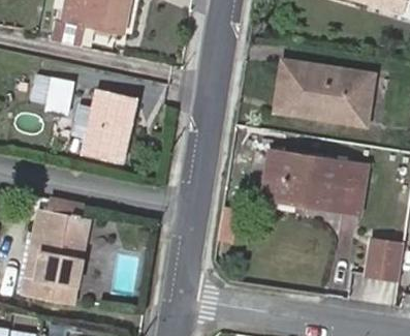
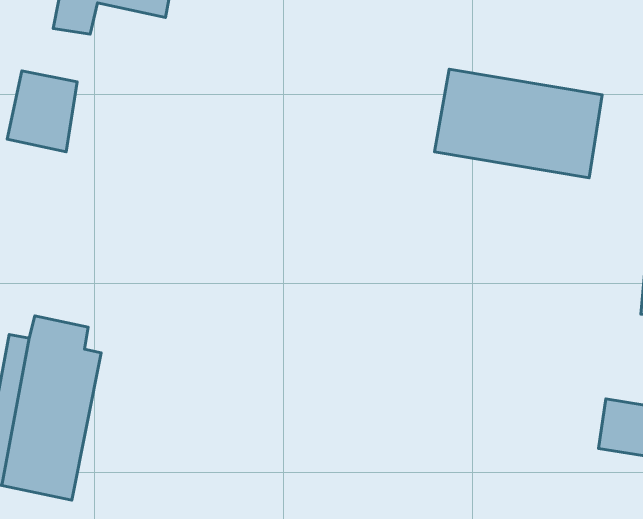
building: [84,92,133,161] -> none
building: [262,151,365,213] -> none

